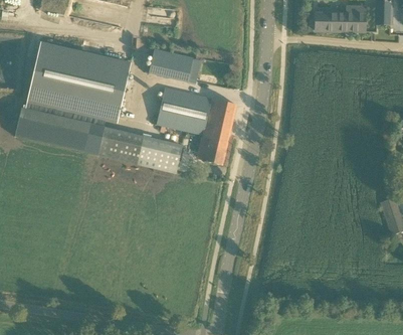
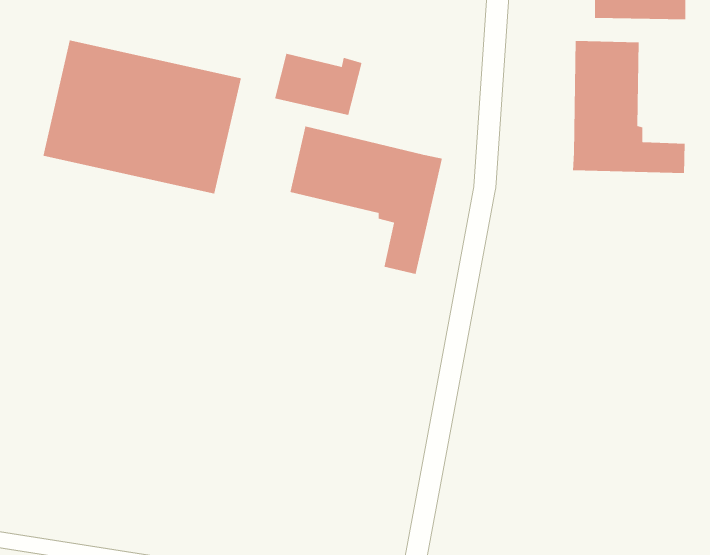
building: none -> [572,40,685,174]
building: [10,108,183,173] -> none

